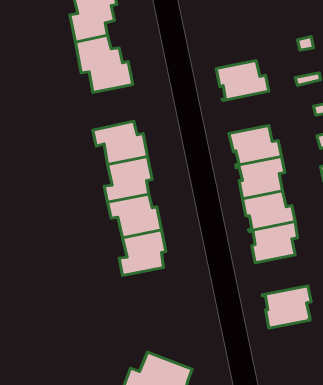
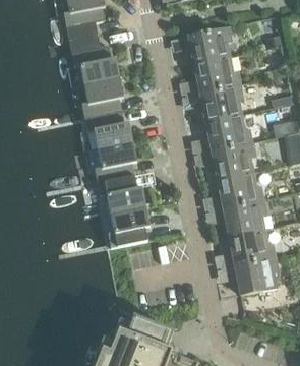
building: none -> [188,26,232,64]
building: none -> [82,78,124,119]
building: none -> [200,84,243,122]
building: none -> [229,230,276,265]

